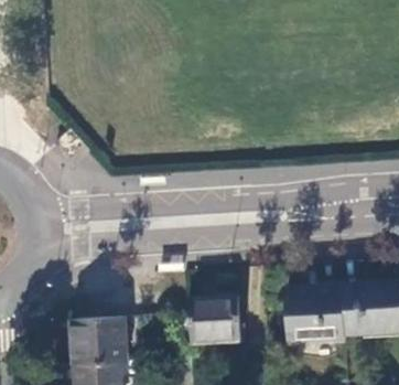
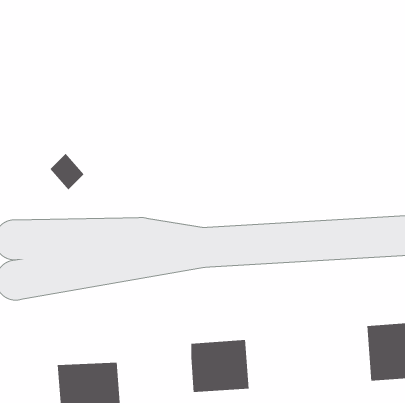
building: [285,287,343,345] -> none

